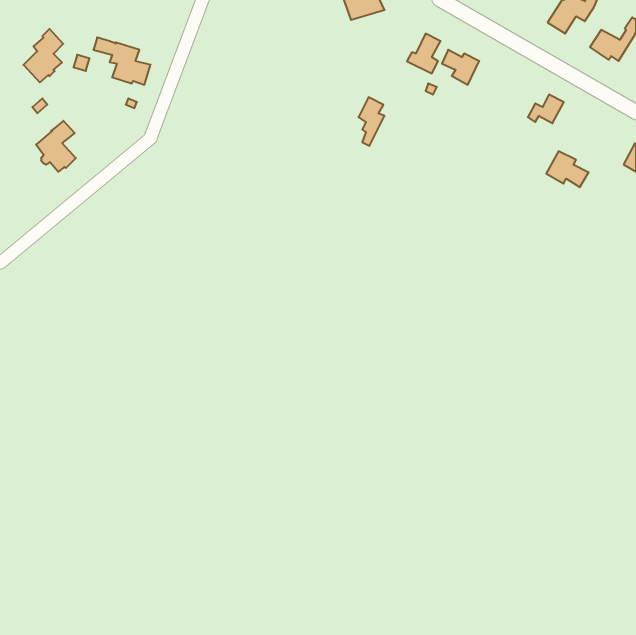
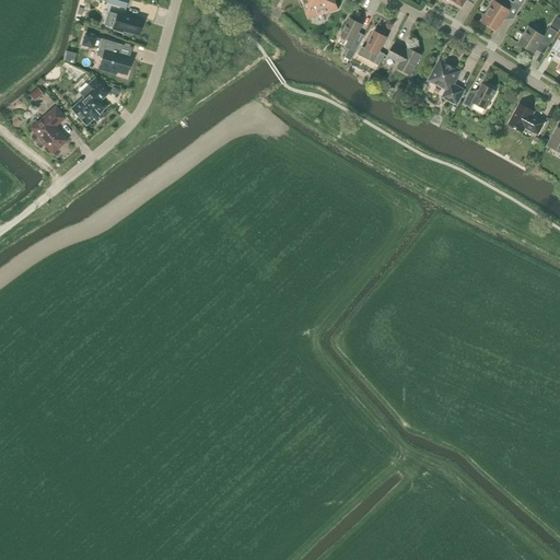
building: none -> [113,11,142,35]
building: [23,29,63,82] -> [72,77,107,124]
building: none -> [430,59,465,104]
building: [358,97,385,146] -> [341,18,364,60]
building: [546,151,589,187] -> [509,103,546,135]

